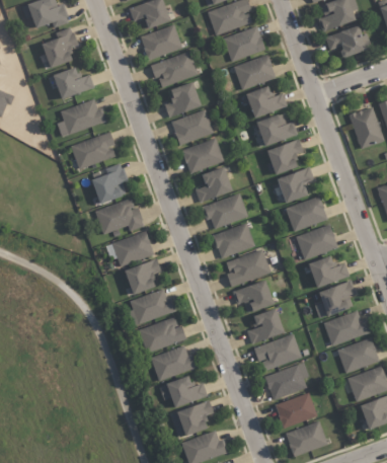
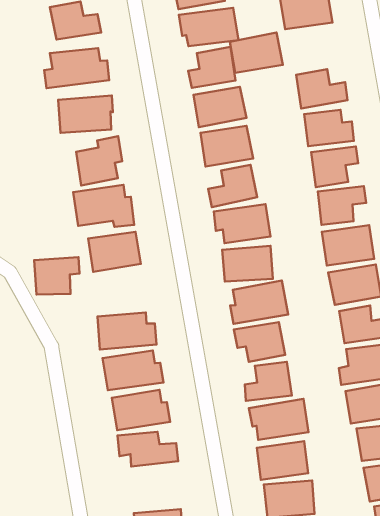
building: [233,54,276,89] -> [230,32,283,73]
building: [125,259,160,293] -> [34,257,80,295]
building: [171,400,213,437] -> none

